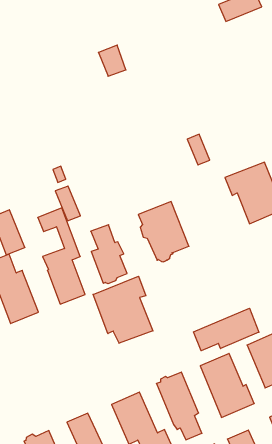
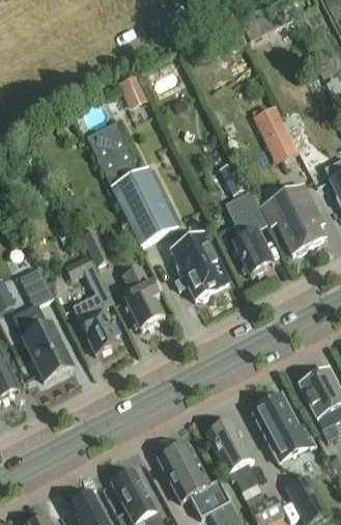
building: none -> [252,102,297,160]
building: none -> [84,119,177,243]
building: none -> [226,190,273,272]
building: [93,276,153,343] -> none
building: [194,308,259,351] -> none

